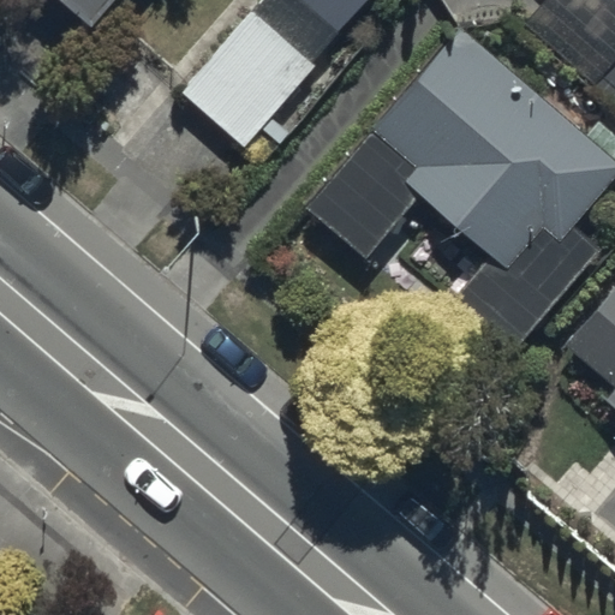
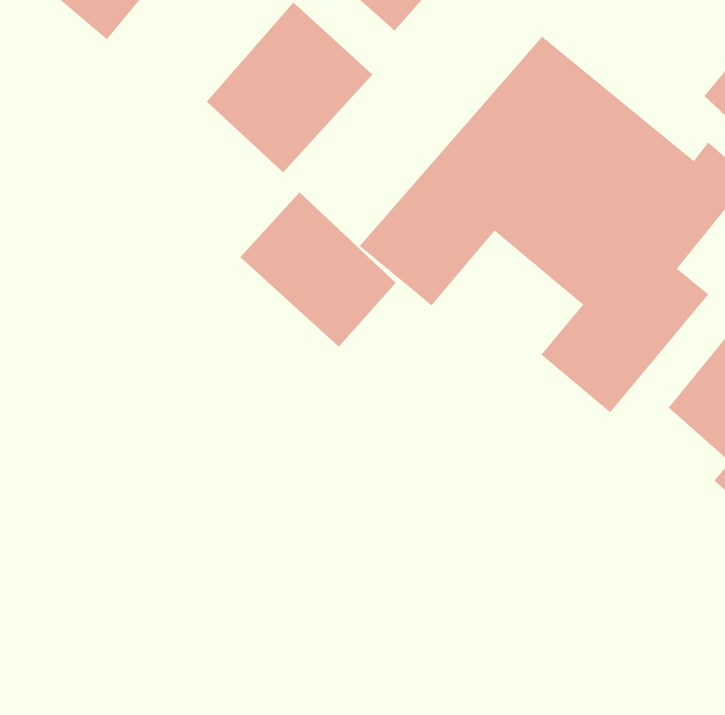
building: none -> [240,191,396,347]

